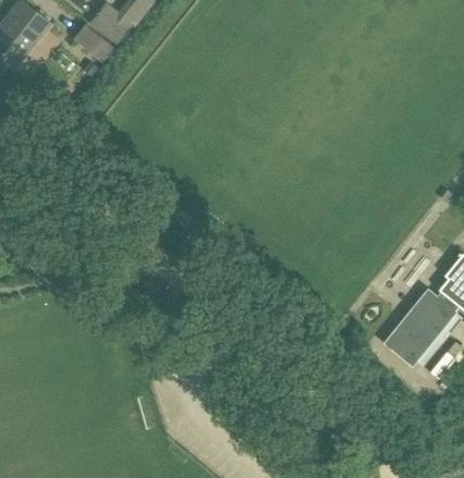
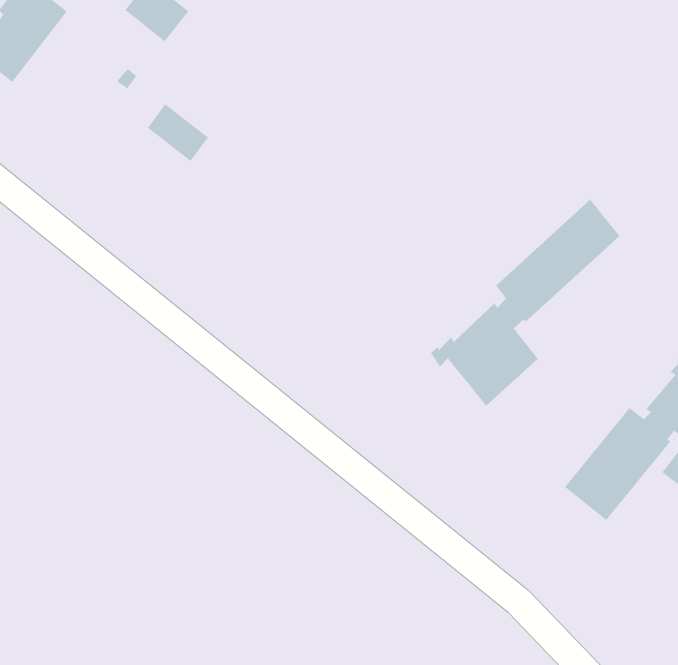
building: [73,24,114,63] -> [147,103,209,162]
building: none -> [430,199,620,407]

